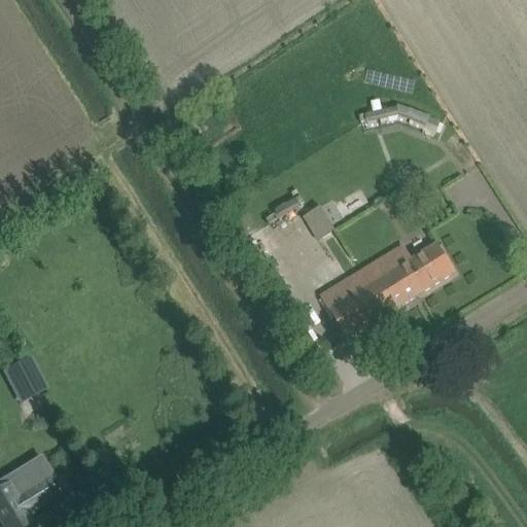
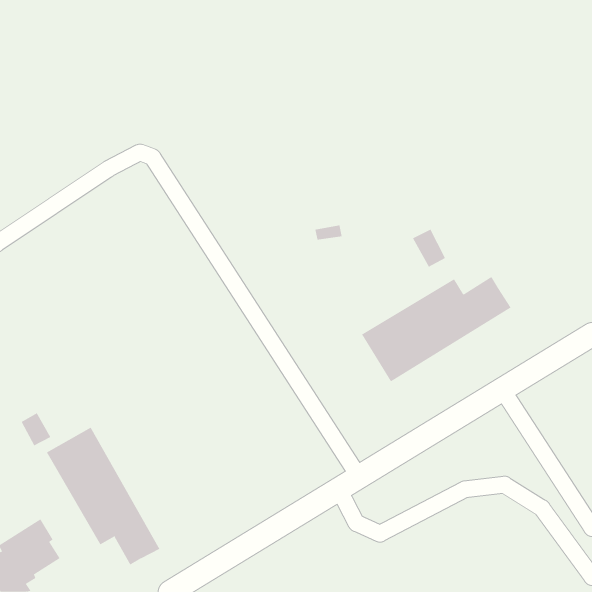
building: [307,202,337,236] -> [412,229,446,267]
building: none -> [46,427,160,566]

